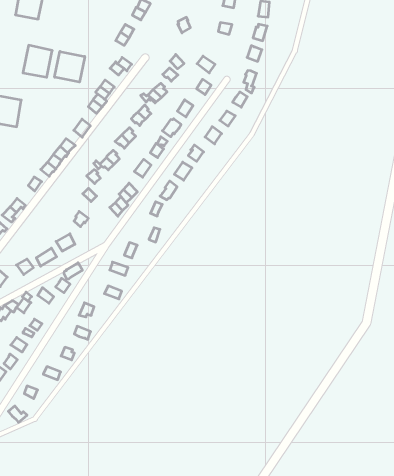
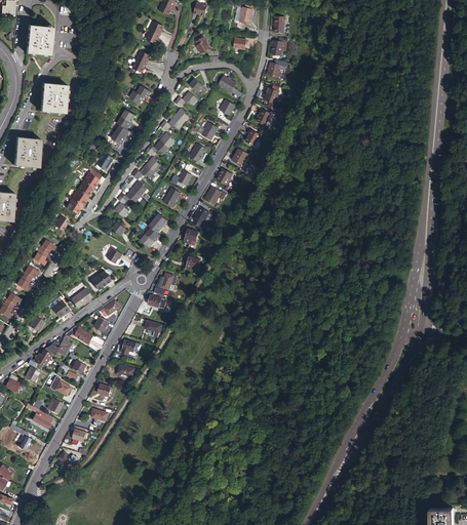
building: [55,51,85,82] -> none

